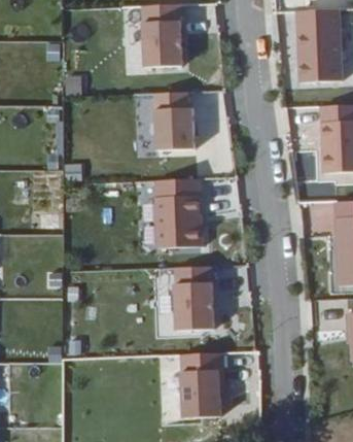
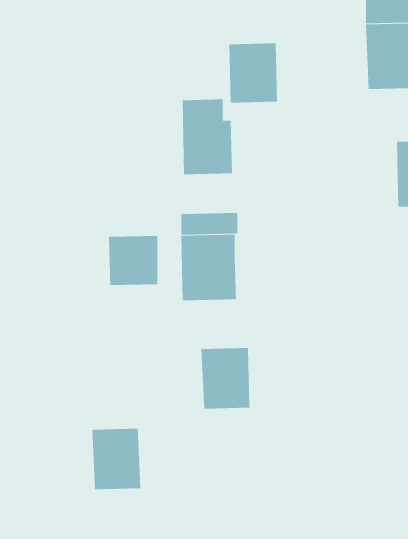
building: [146,18,184,64] -> [228,43,278,103]
building: none -> [108,235,158,286]
building: [177,368,215,415] -> [92,428,141,490]

